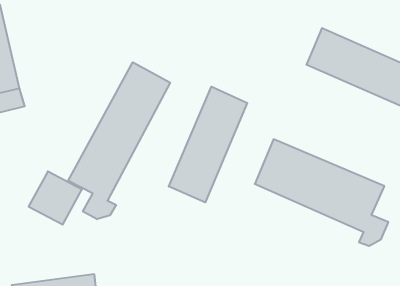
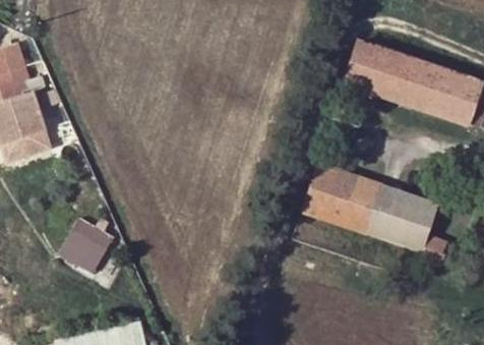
building: [68,62,170,219] -> none
building: [169,87,247,202] -> none

